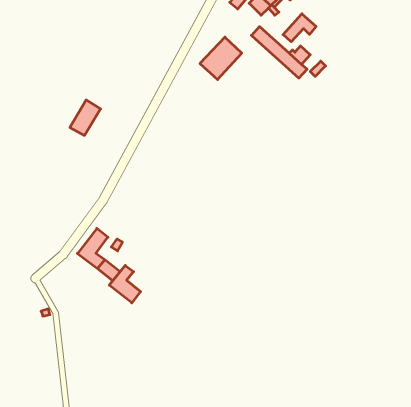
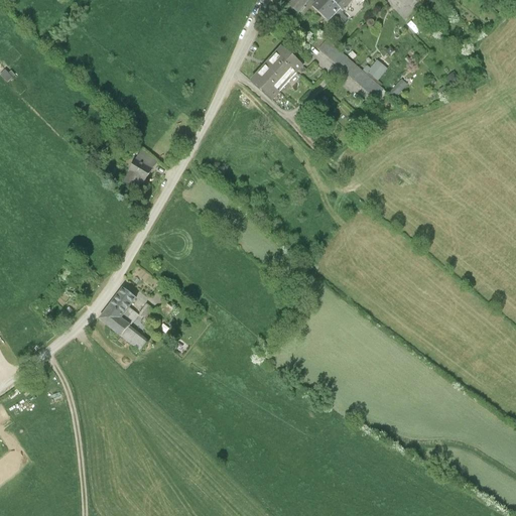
building: [283,14,316,42] -> none
building: [70,100,101,135] -> [120,147,158,191]
building: [109,265,141,303] -> none

